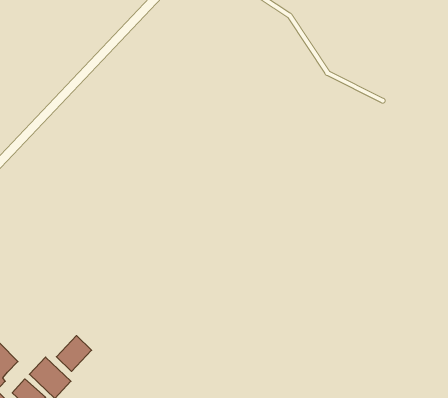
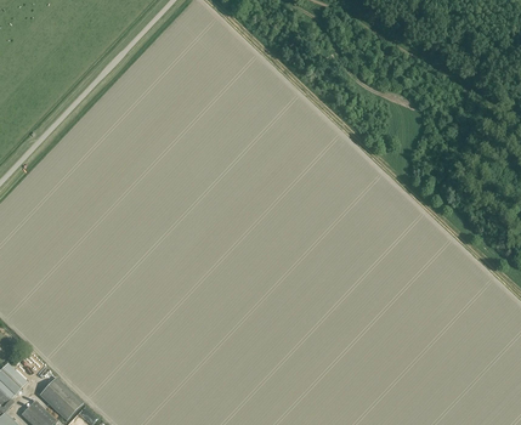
building: [56,336,92,371] -> none

